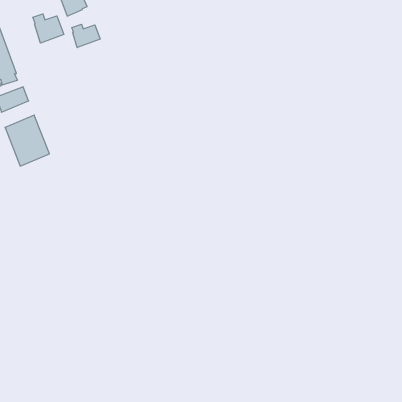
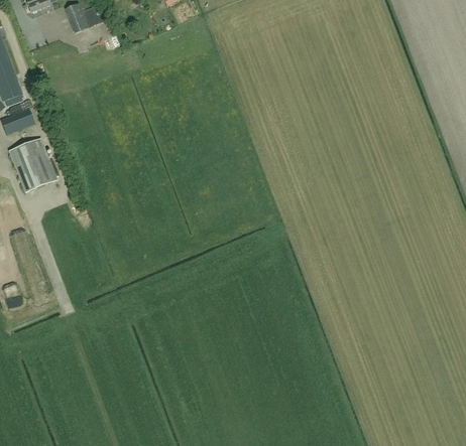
building: [33,14,64,43] -> none
building: [72,24,100,48] -> none

